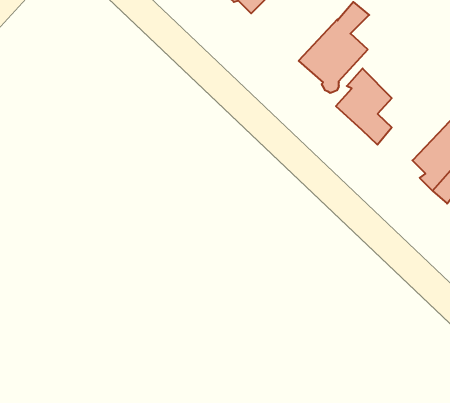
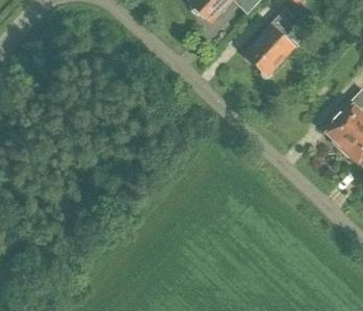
building: [336,68,392,145] -> none

